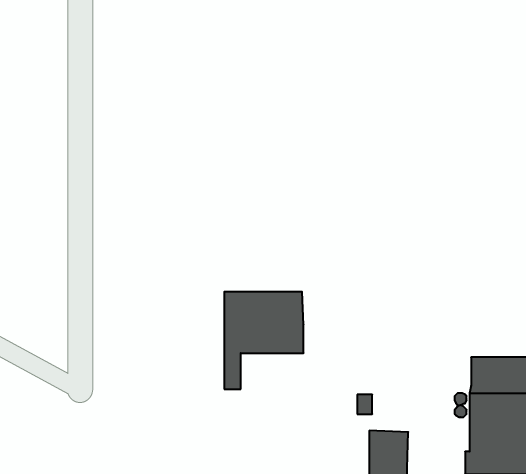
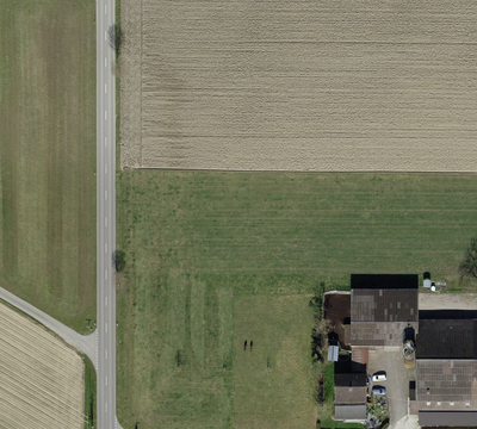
building: [224,292,304,389] -> [352,293,415,371]

